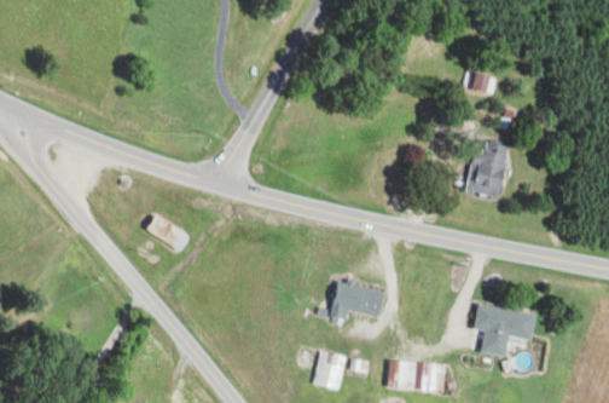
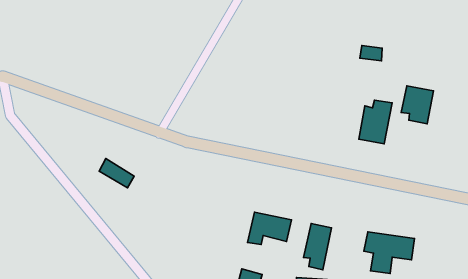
building: none -> [401,86,433,124]
building: none -> [304,224,331,270]

